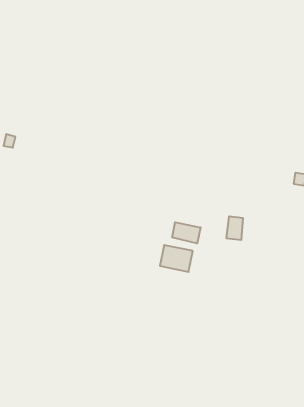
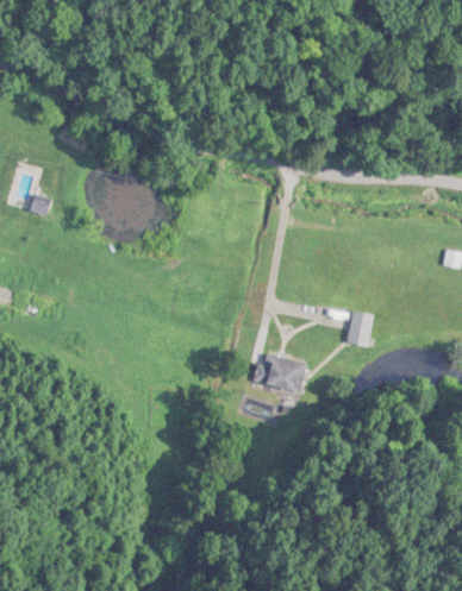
building: [172,222,201,243] -> none

